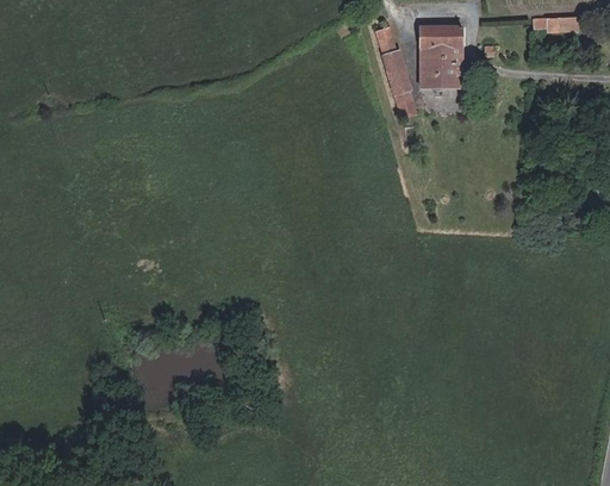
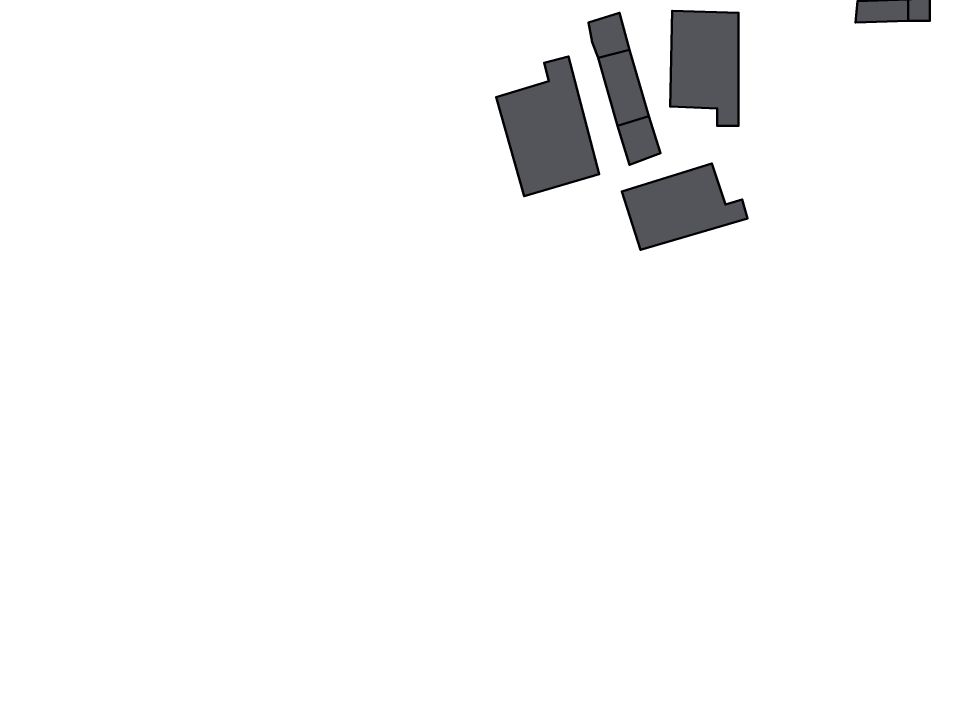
building: none -> [496,56,599,196]
building: none -> [622,163,748,250]

